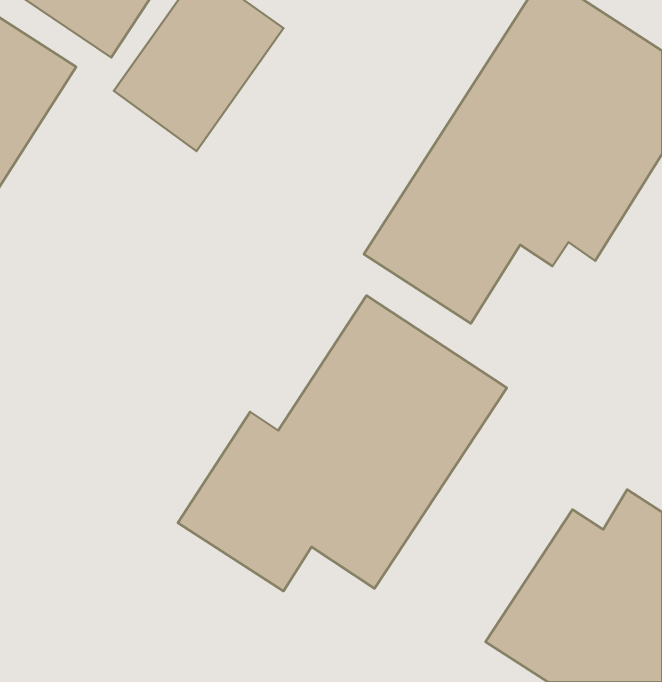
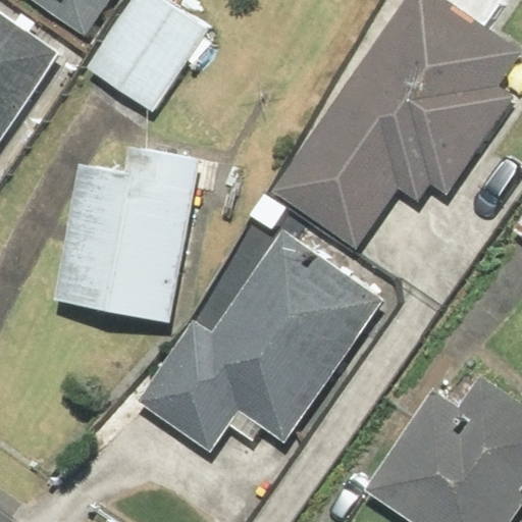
building: none -> [65,147,196,321]

